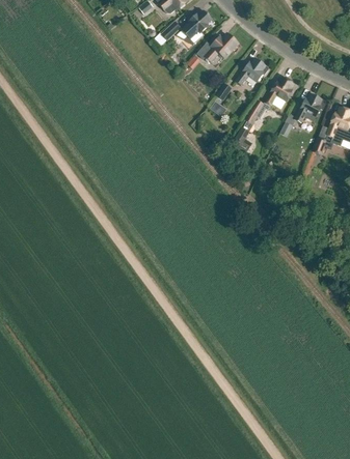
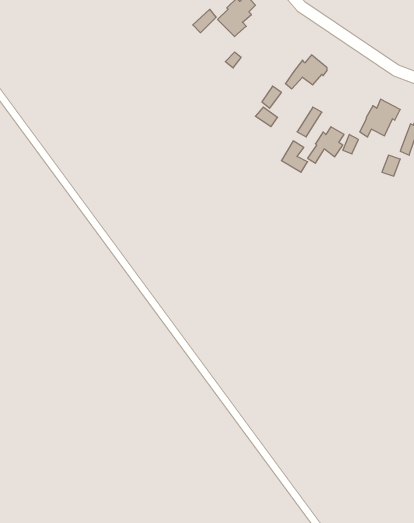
building: [197,33,238,62] -> none
building: [265,77,294,106] -> [308,127,344,163]

